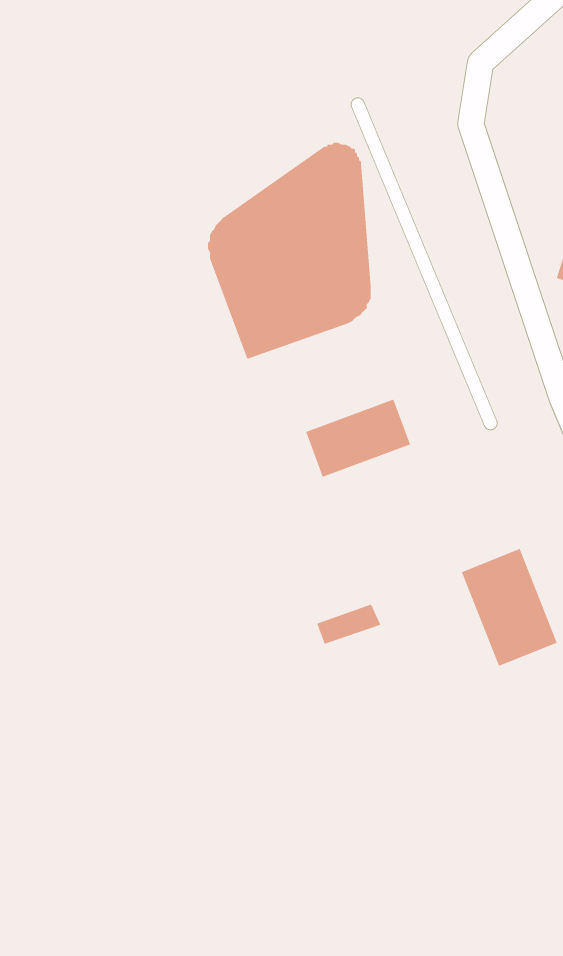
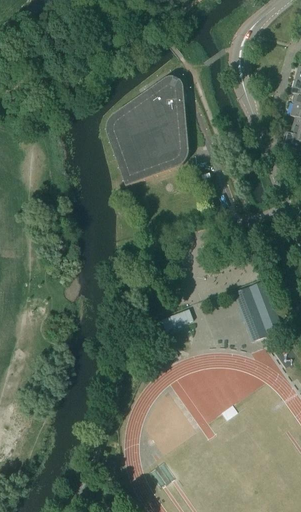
building: [305,398,411,478] -> none

